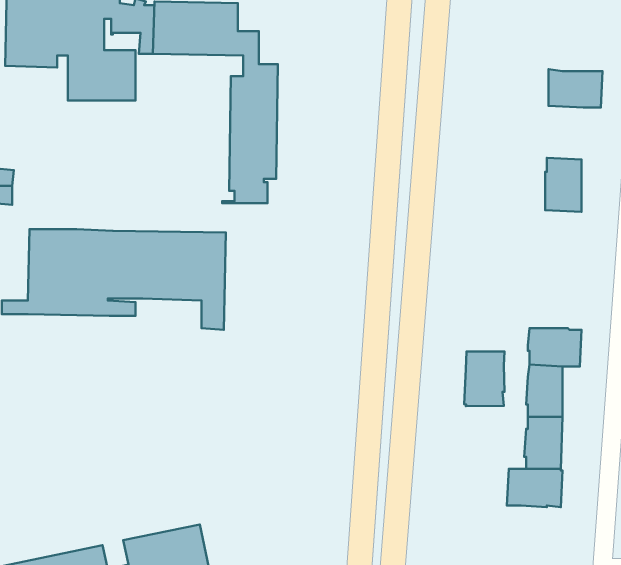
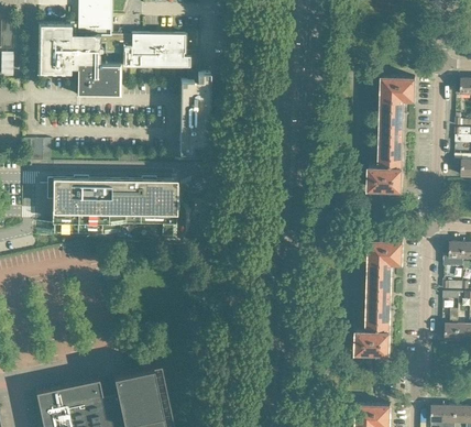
building: none -> [381,99,404,133]
building: none -> [369,165,403,189]
building: [464,351,504,406] -> none

